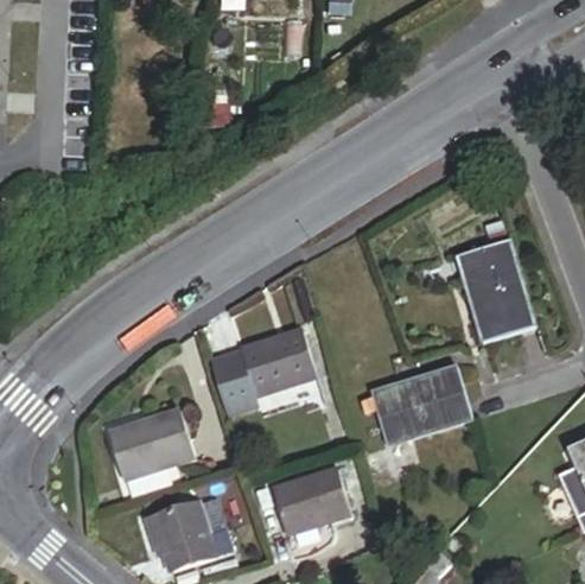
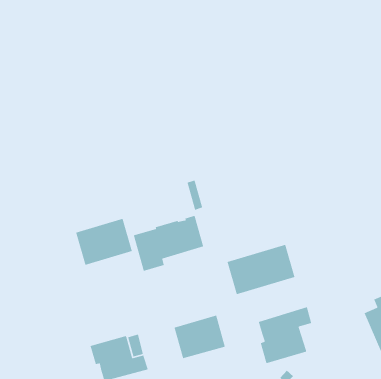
building: [454,237,532,338] -> none
building: [113,411,198,482] -> [75,218,133,266]
building: none -> [258,306,312,364]

